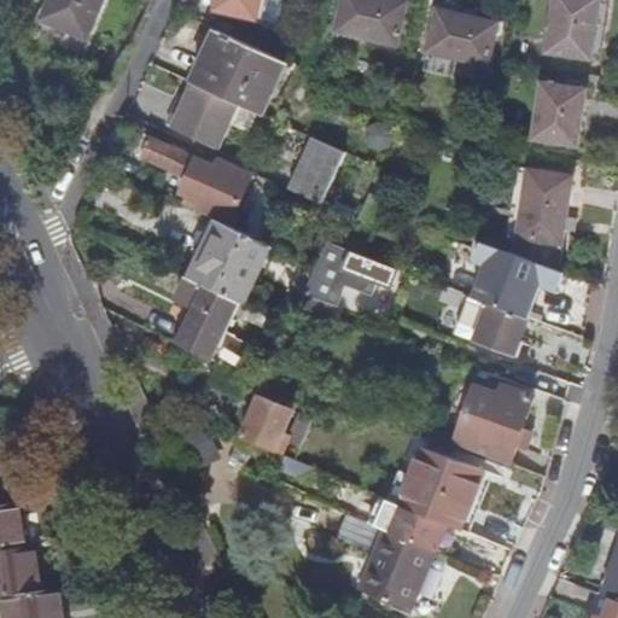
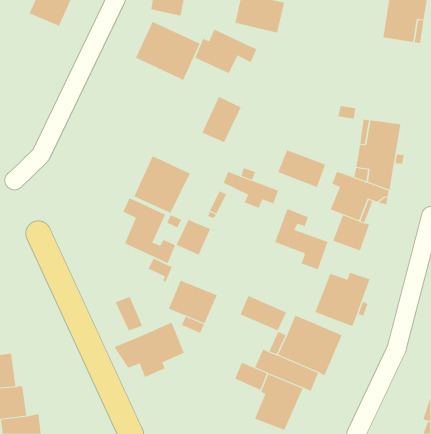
building: [424,10,496,68] -> none
building: [164,82,253,146] -> [194,29,257,74]
building: [530,83,584,147] -> none
building: [126,133,243,225] -> none
building: none -> [277,150,326,188]
building: none -> [275,208,328,270]
building: none -> [176,219,211,256]
building: none -> [240,295,287,331]
building: none -> [114,322,184,378]

